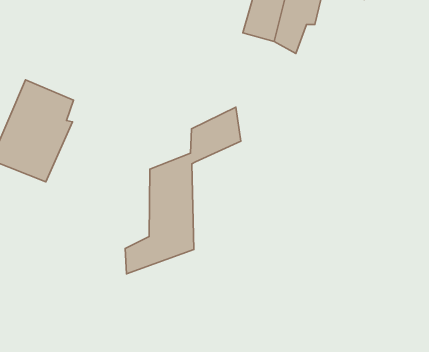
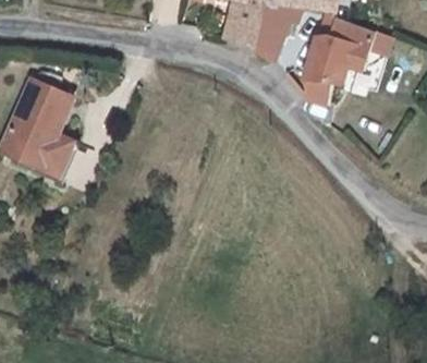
building: none -> [305,19,376,101]
building: [125,107,241,274] -> none

